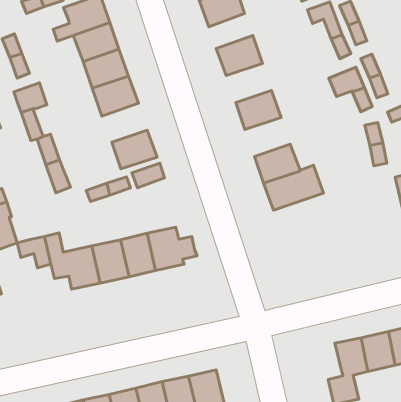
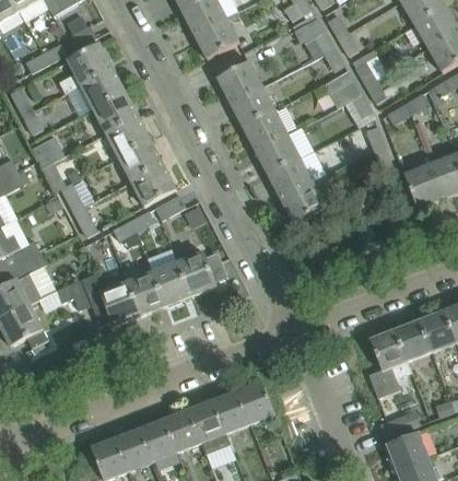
building: none -> [230,85,274,126]
building: none -> [118,140,163,180]
building: none -> [255,133,300,174]

